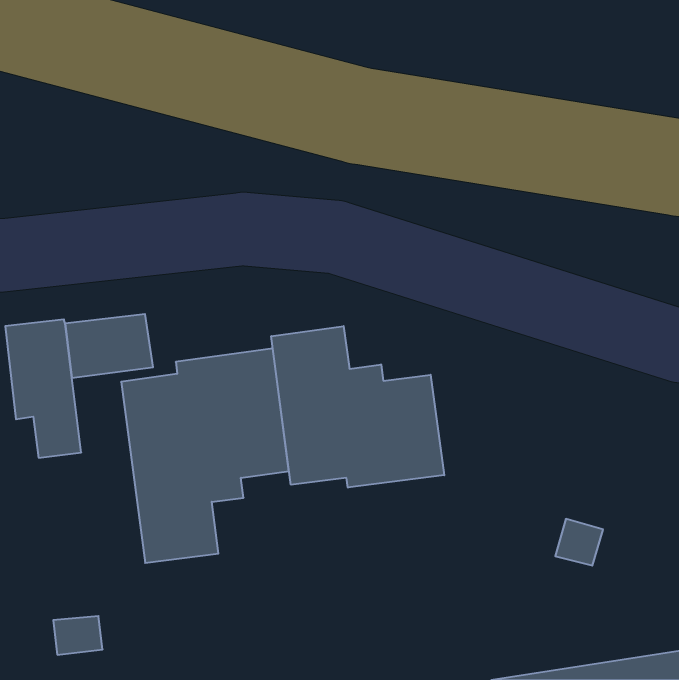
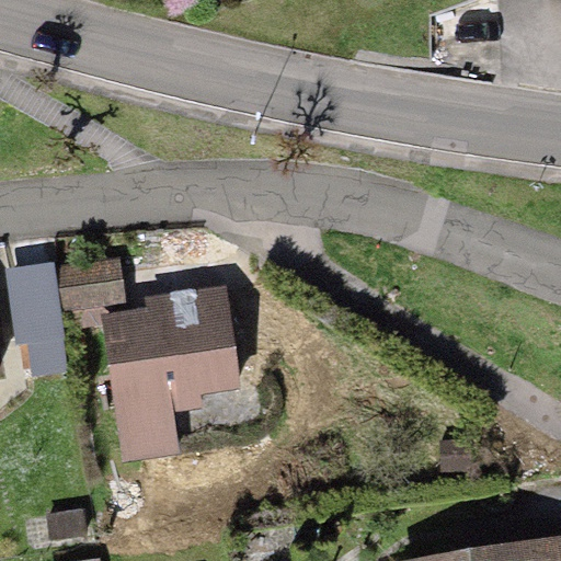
building: [271,326,444,488] -> none

